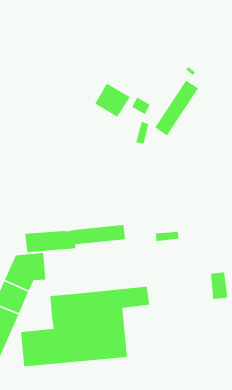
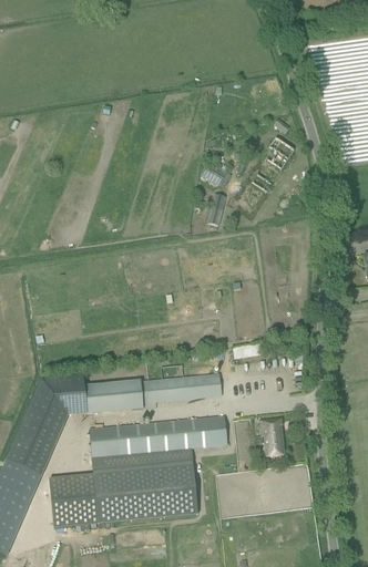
building: [94,83,131,118] -> none
building: [25,224,126,253] -> [84,373,222,412]
building: [210,271,228,300] -> [260,417,285,456]

